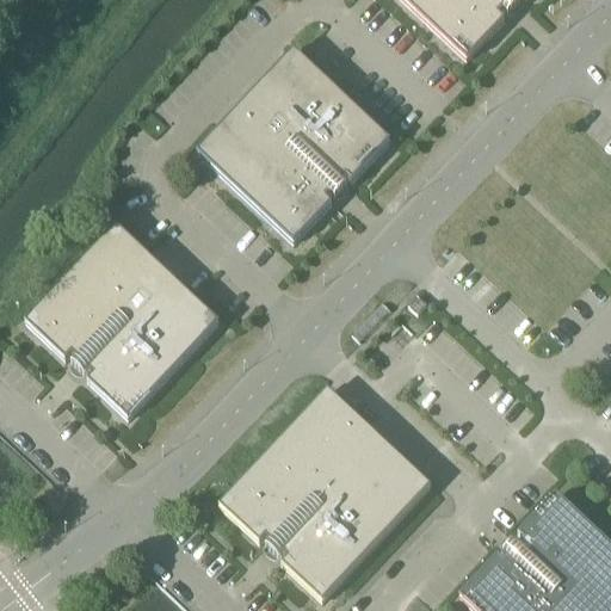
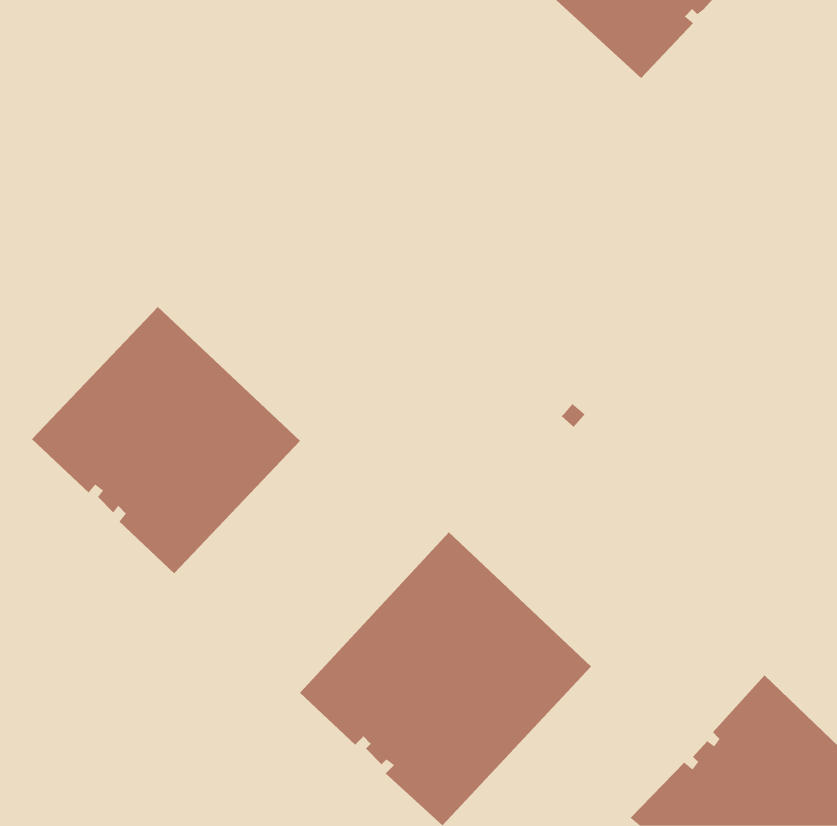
building: [197,47,391,241] -> none

